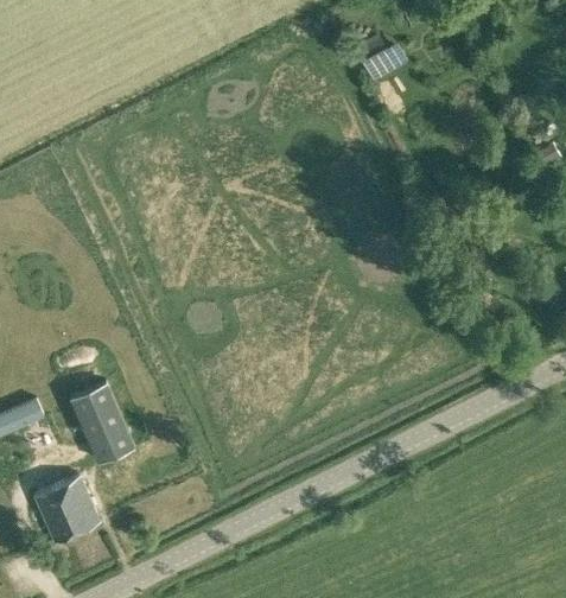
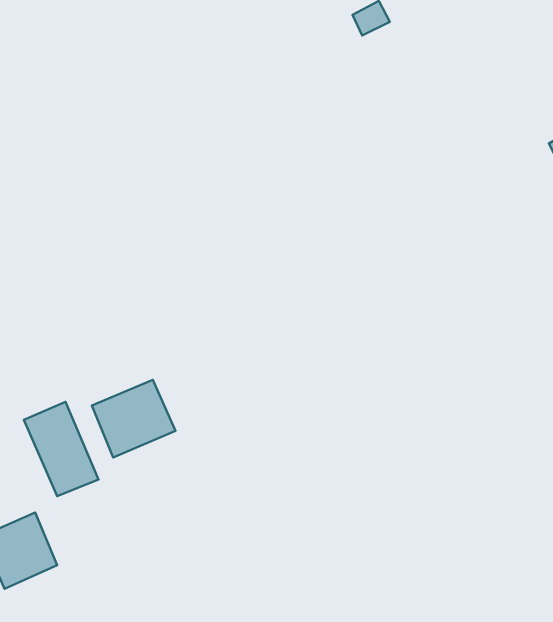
building: none -> [92,380,176,458]

